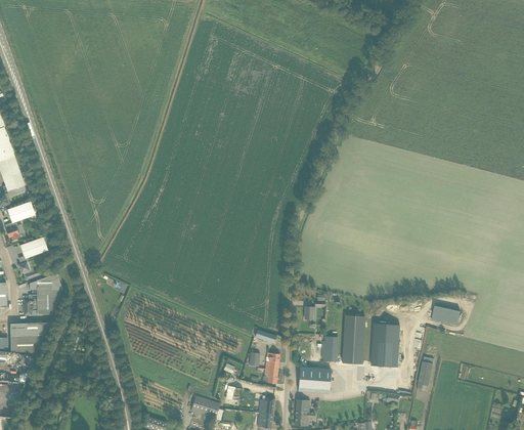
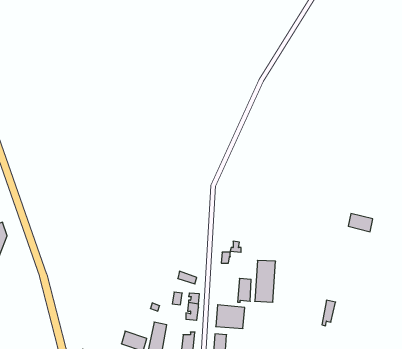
building: [431,304,458,325] -> [348,214,373,232]
building: [370,322,399,367] -> none

